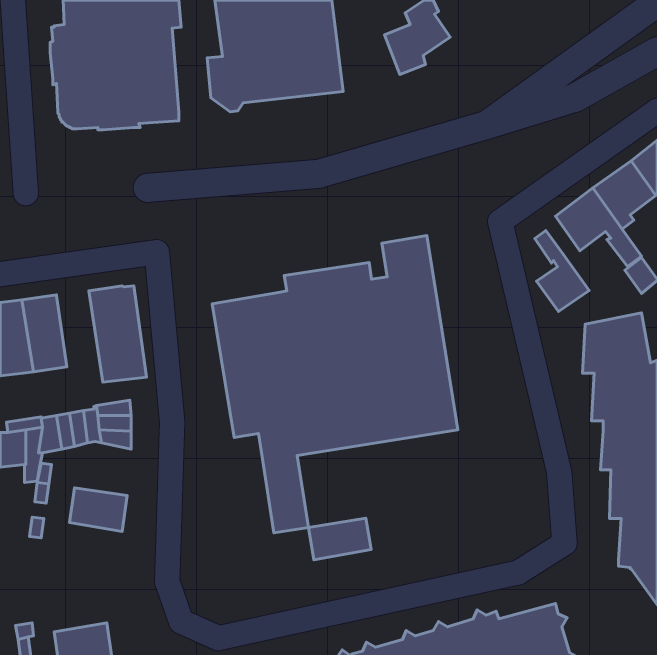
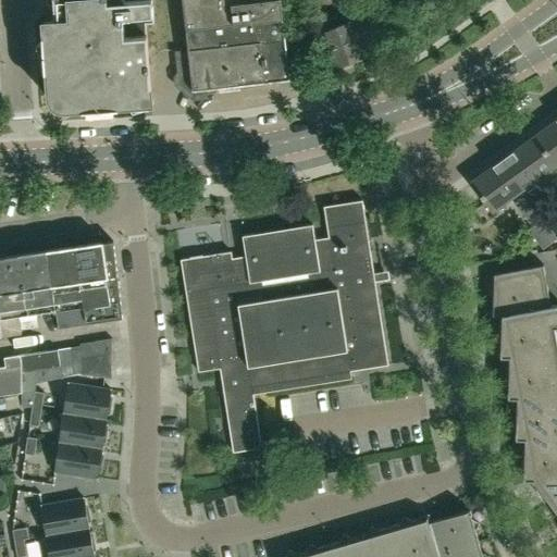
building: [535,230,589,311] -> none
building: none -> [48,248,87,330]
building: none -> [63,385,112,421]
building: [309,518,371,560] -> none
building: none -> [54,444,103,481]
building: none -> [40,499,90,536]

